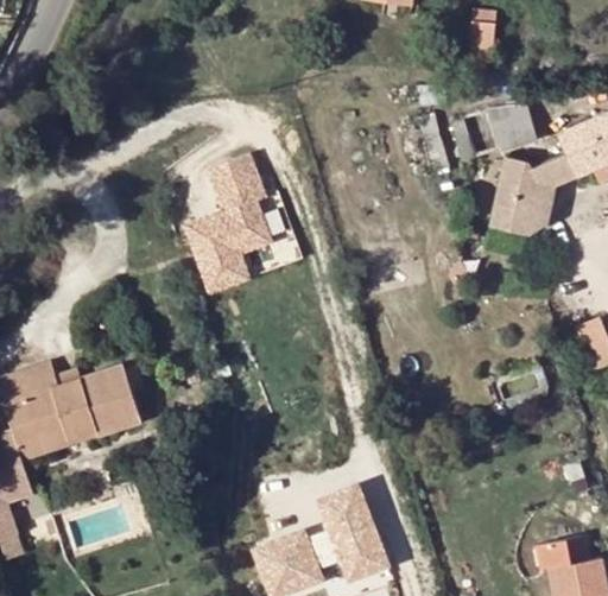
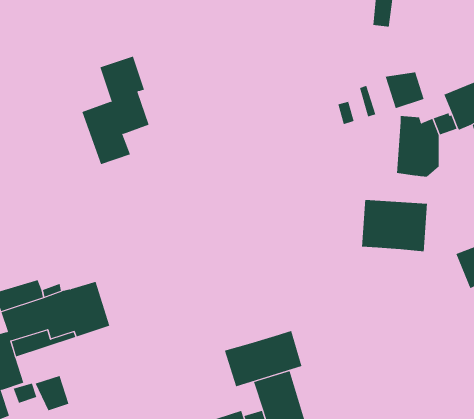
building: [186,158,272,294] -> [82,56,150,165]
building: none -> [362,199,427,252]
building: none -> [224,330,302,387]
building: none -> [35,375,69,411]

